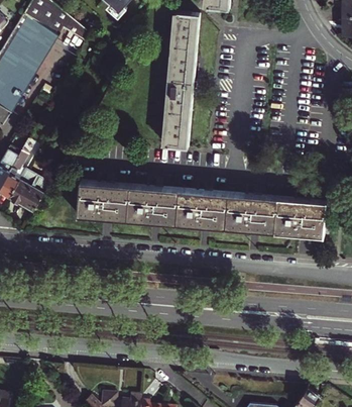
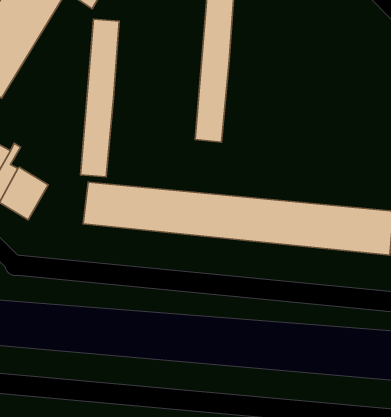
building: none -> [81,19,119,177]

